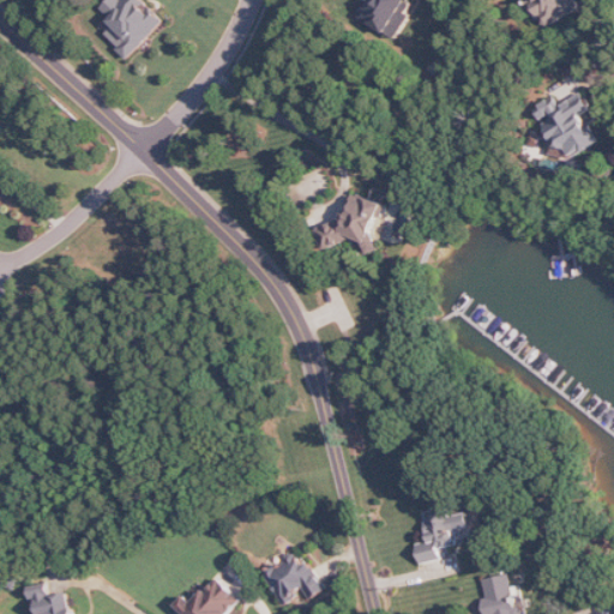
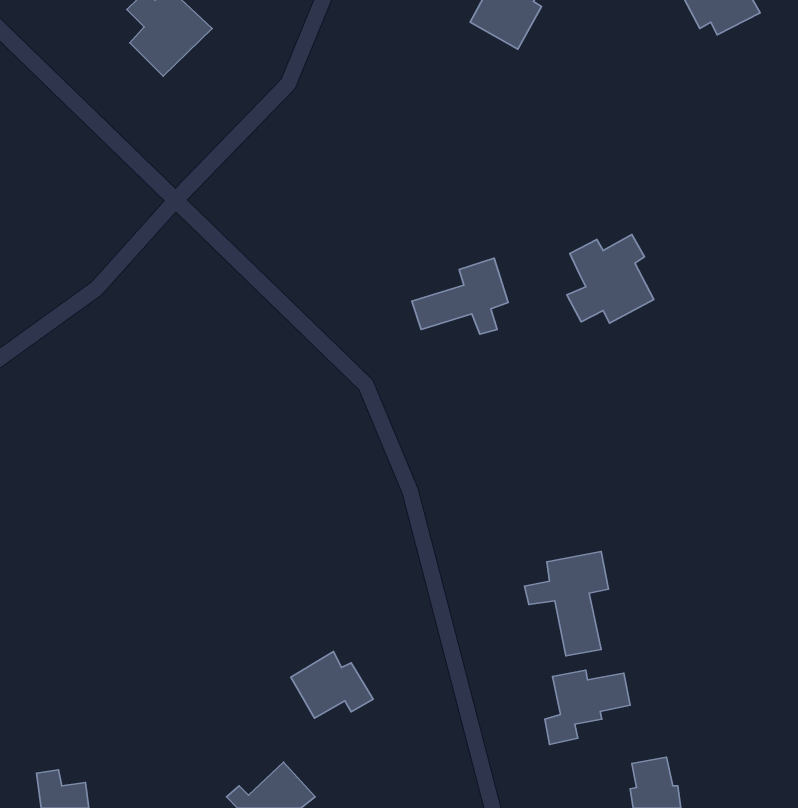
building: [528,92,594,159] -> [567,235,654,323]
building: none -> [524,551,608,656]
building: [260,553,323,603] -> [291,652,373,718]

